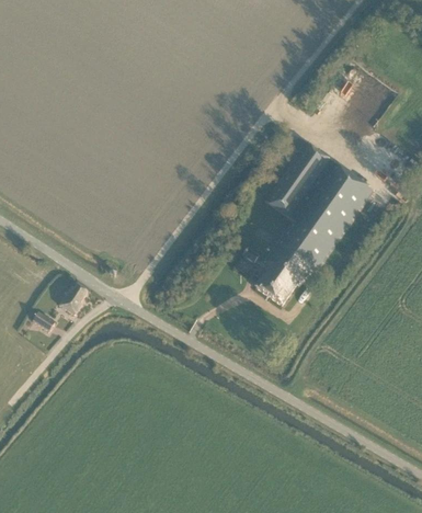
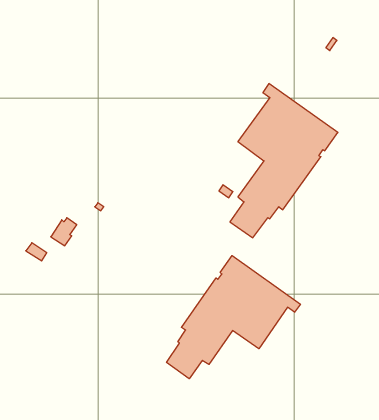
building: none -> [167,256,300,379]

